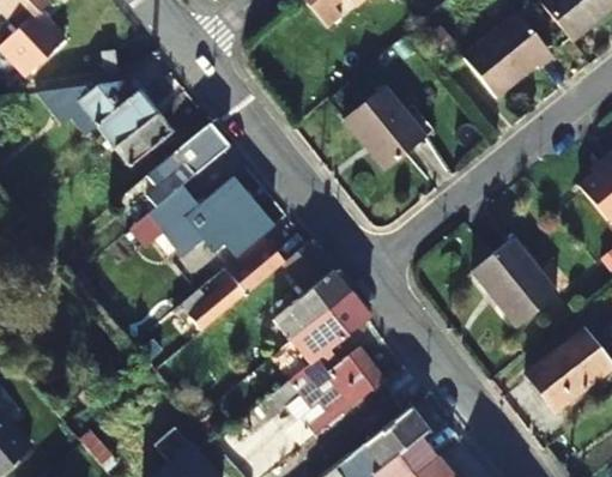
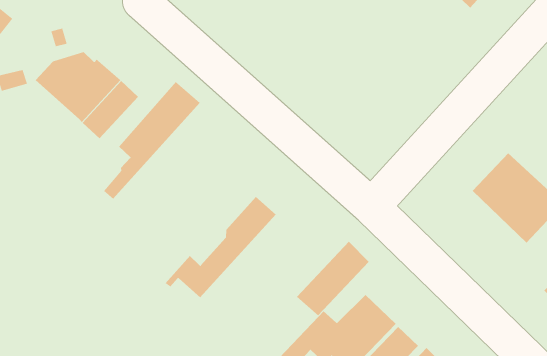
building: [346,84,428,167] -> none
building: [134,177,273,258] -> none
building: [274,273,351,344] -> none

